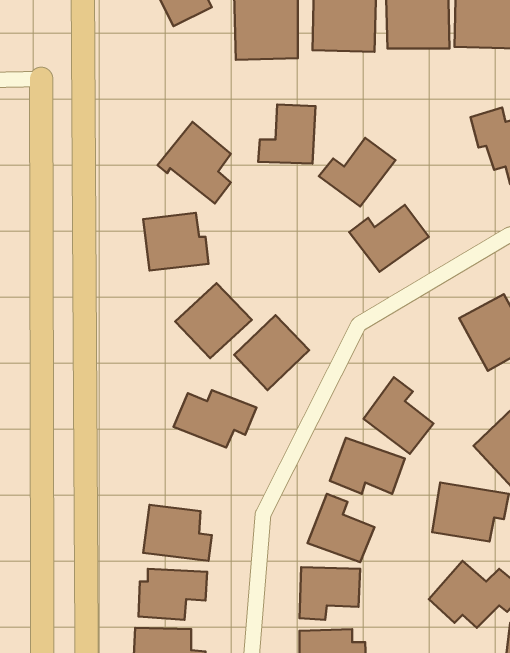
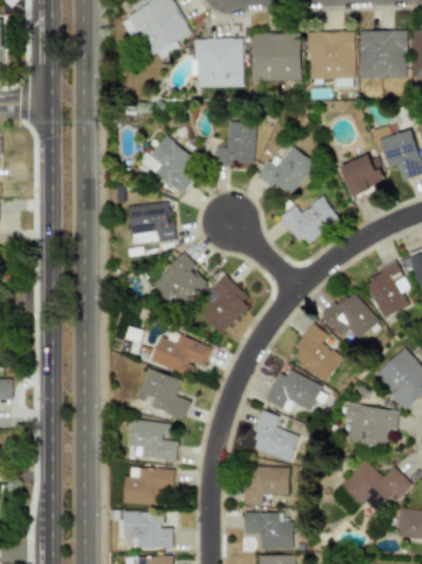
building: none -> [340,152,383,196]
building: none -> [323,290,379,339]
building: none -> [137,368,190,418]

